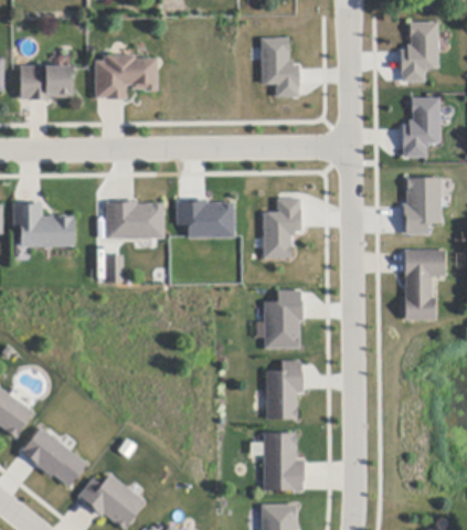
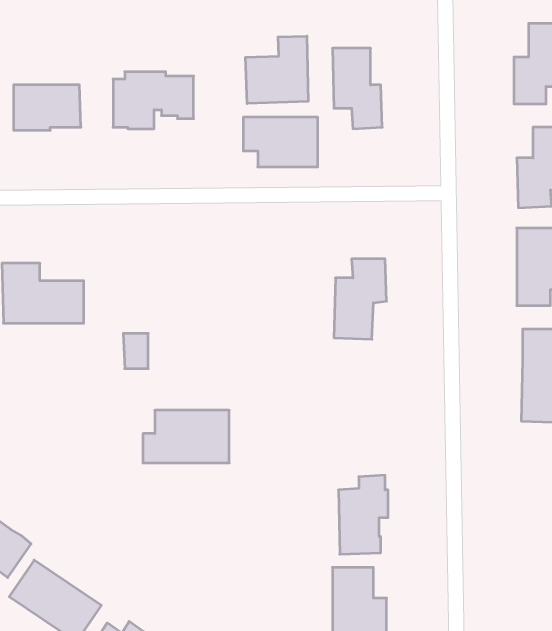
building: none -> [246,36,308,104]
building: [97,199,162,239] -> [143,410,229,463]
building: [176,199,232,236] -> [243,117,318,167]
building: [262,288,301,347] -> none

